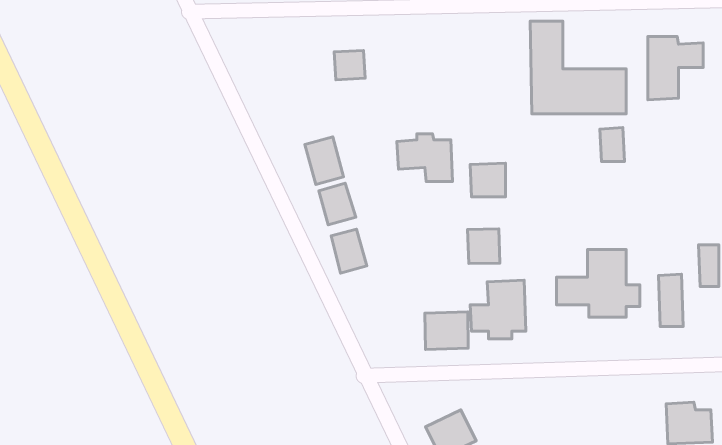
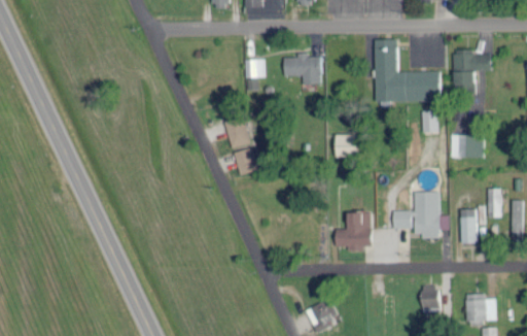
building: [397,134,452,182] -> [284,53,321,85]
building: none -> [452,135,484,158]
building: [468,229,500,264] -> none
building: [331,229,367,273] -> none
building: [425,312,468,349] -> none
building: none -> [420,284,441,311]

